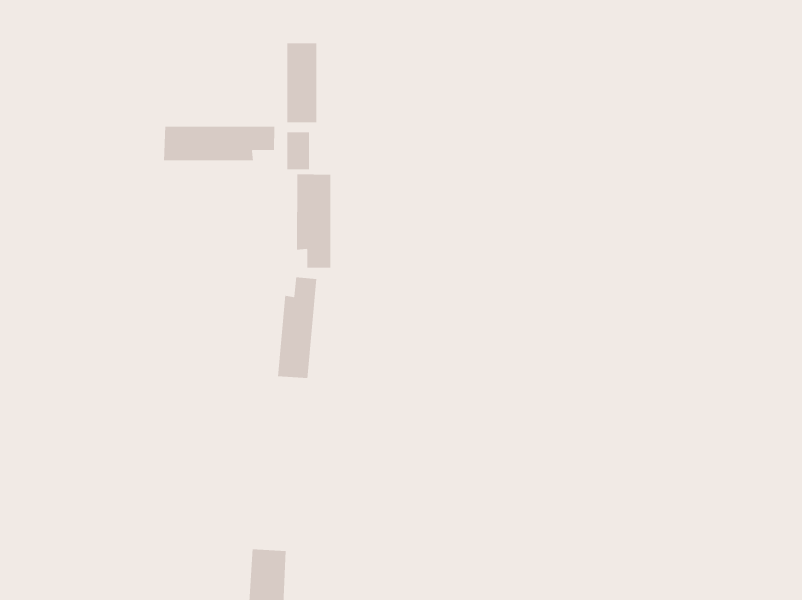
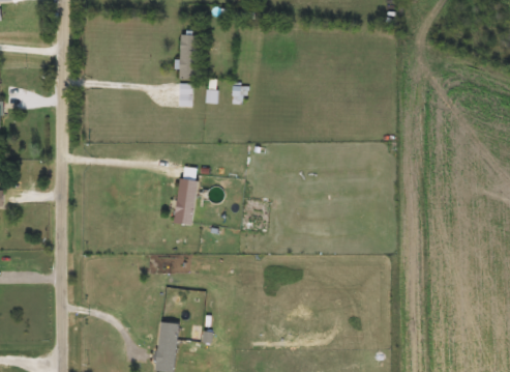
building: [164,126,275,161] -> none
building: [297,173,331,269] -> none

